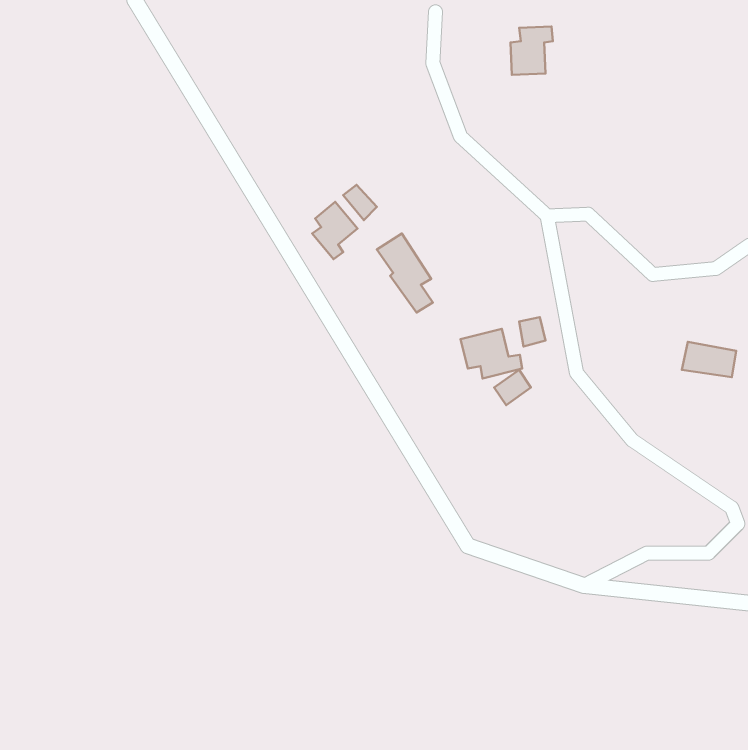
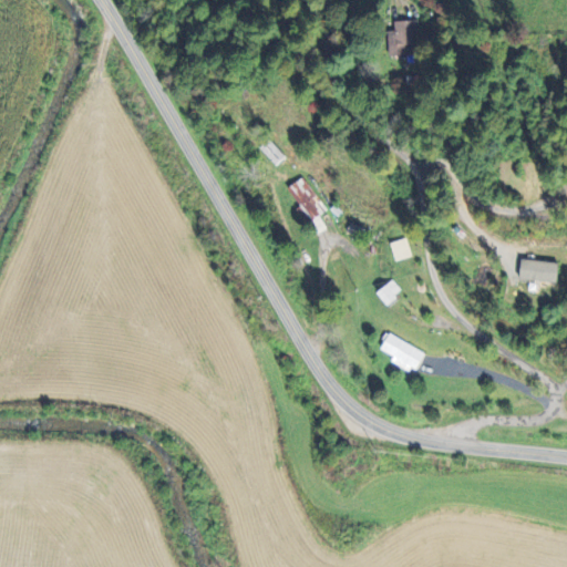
building: [312,202,357,259] -> none
building: [461,329,522,378] -> none
building: none -> [379,333,425,373]

